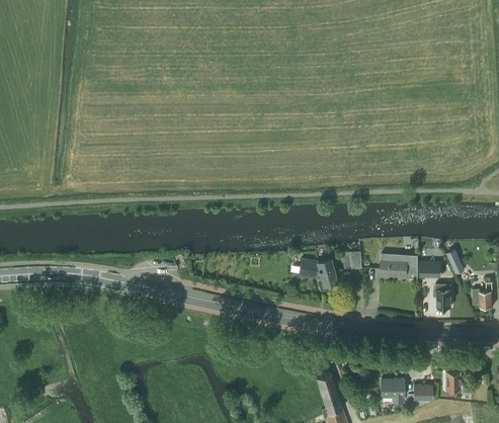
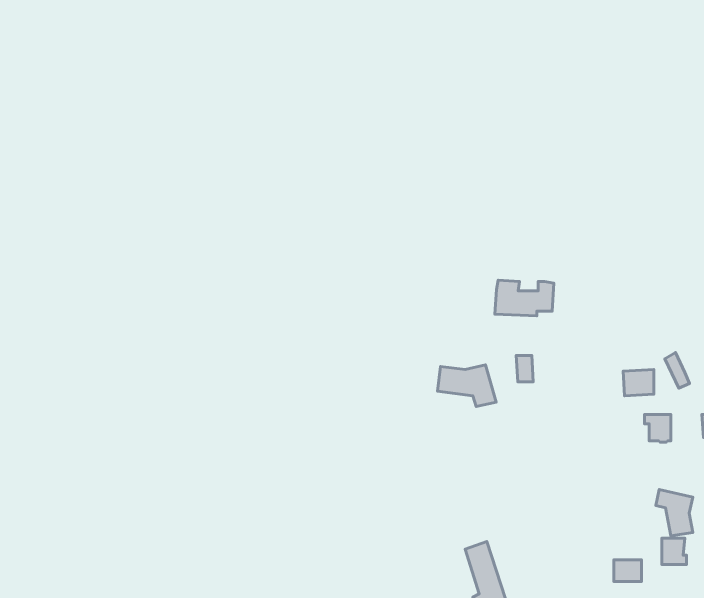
building: [380,253,418,276] -> [495,280,554,316]
building: none -> [656,490,693,536]
building: [381,378,404,401] -> none

